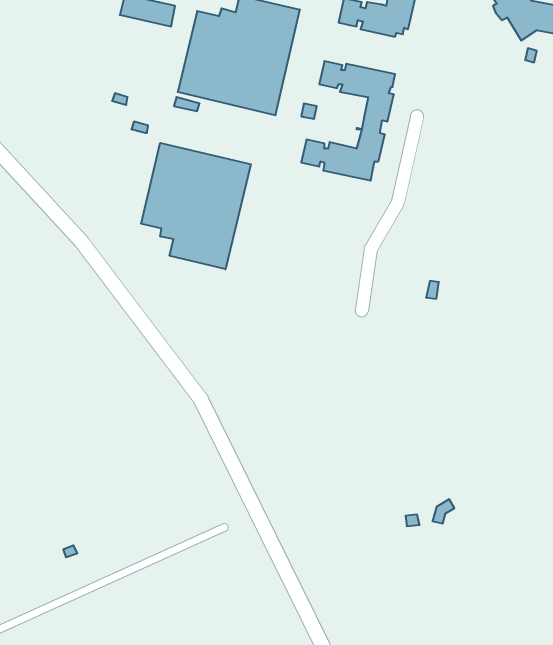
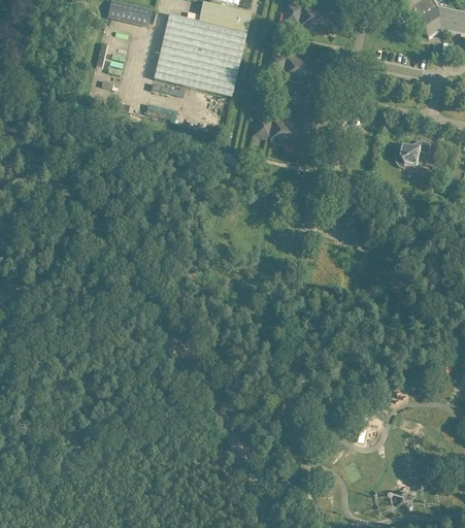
building: [141,143,251,269] -> none
building: none -> [395,140,430,167]

